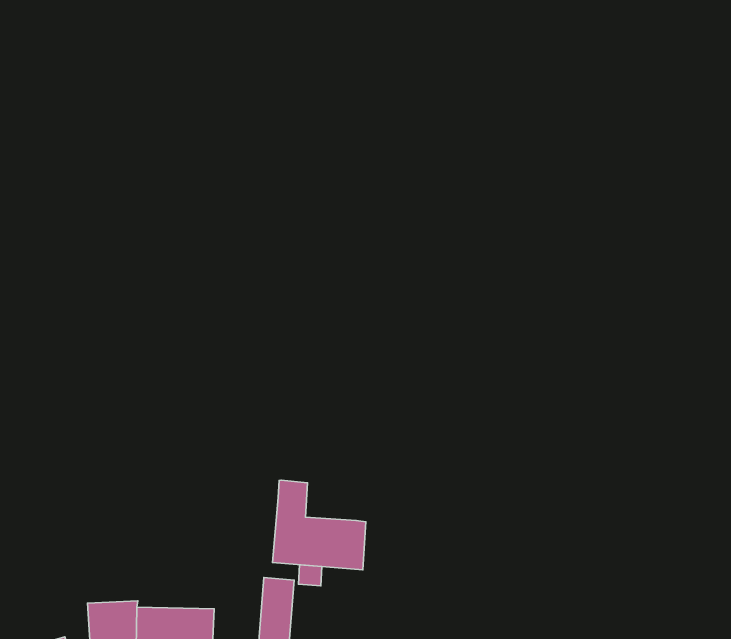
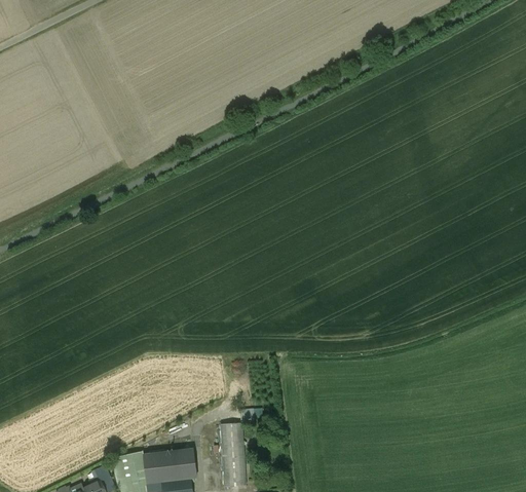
building: [273,480,366,570] -> none

